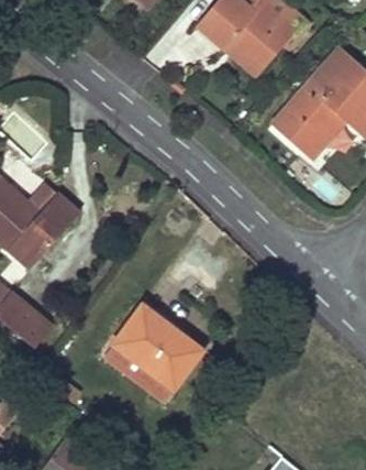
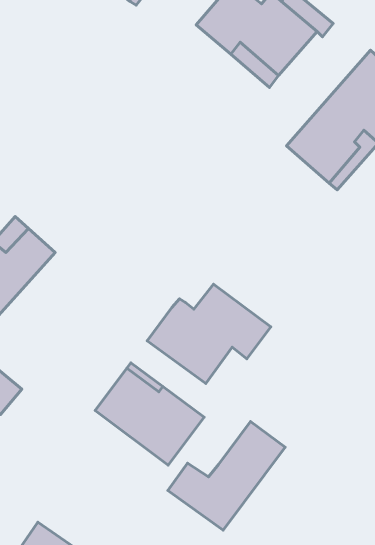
building: none -> [147,284,271,383]
building: none -> [168,422,285,530]

